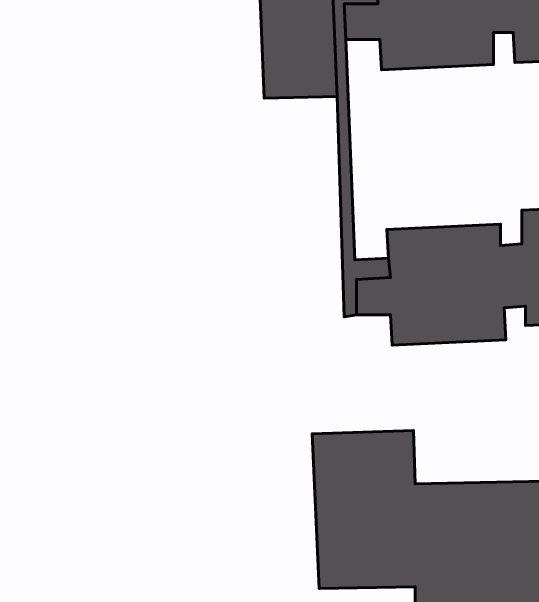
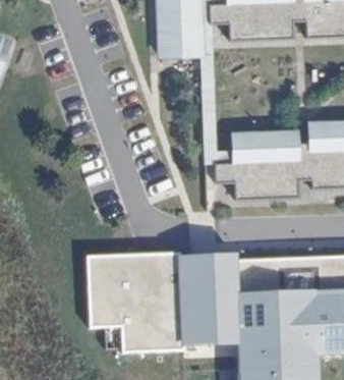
building: none -> [92,246,188,345]

